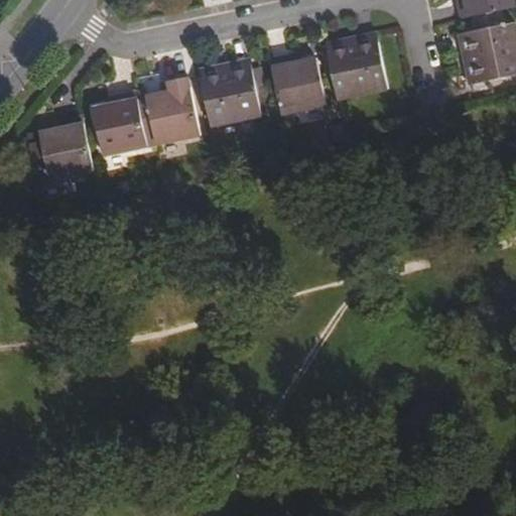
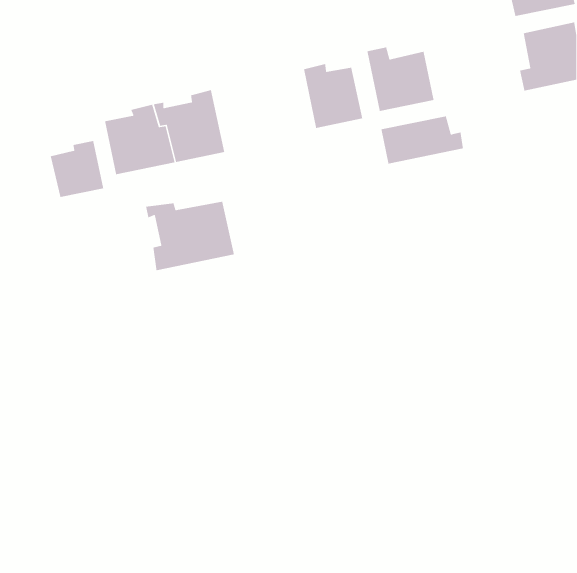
building: [200,67,261,124] -> none
building: none -> [381,115,464,165]
building: none -> [145,201,235,271]

